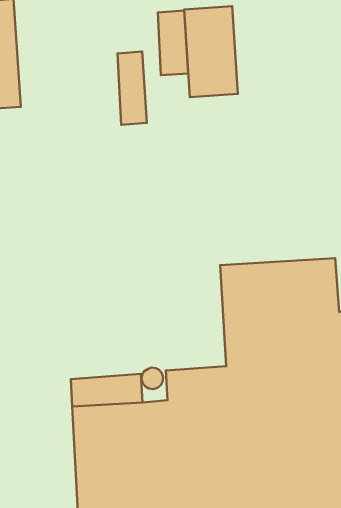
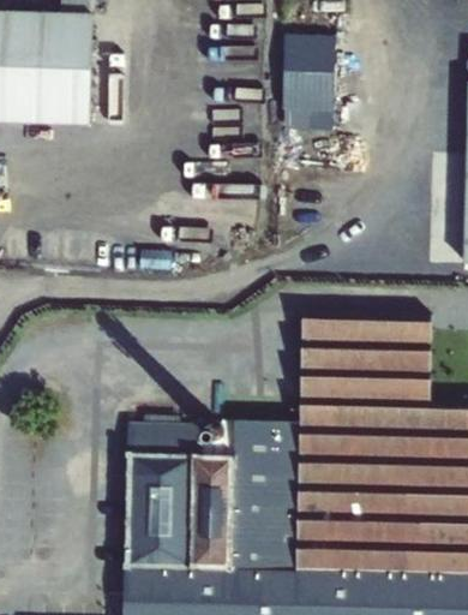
building: [158,11,188,75] -> none
building: [118,52,147,125] -> none

